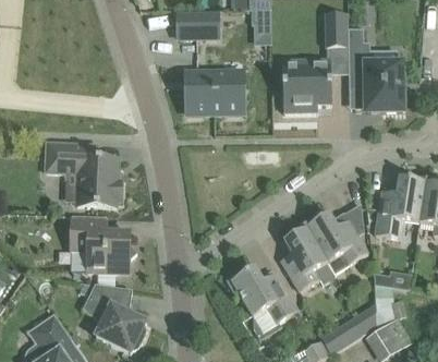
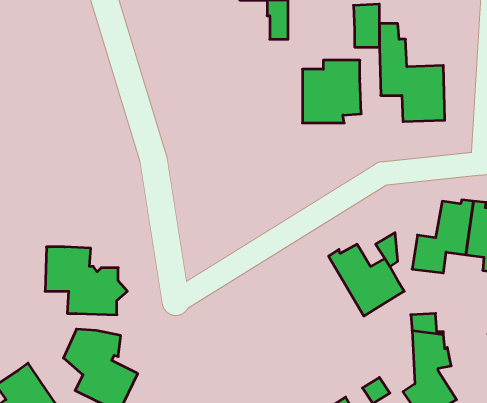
building: [177,13,217,37] -> none
building: [186,70,242,113] -> none
building: [45,141,120,206] -> none
building: [283,222,336,292] -> none
building: [226,266,297,338] -> none

